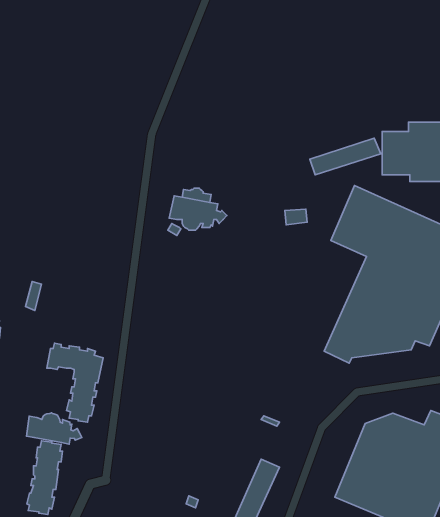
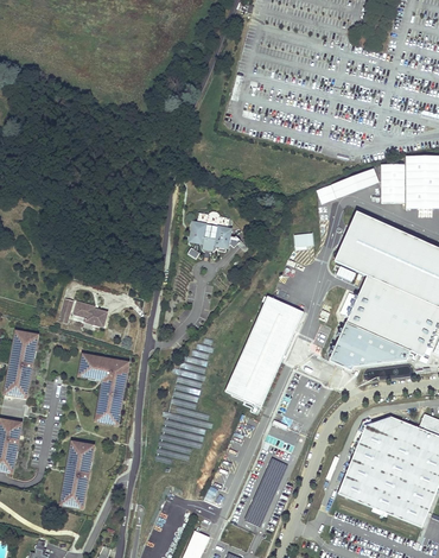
building: none -> [225,296,303,407]
building: none -> [74,302,108,328]
building: [27,413,82,444] -> none

